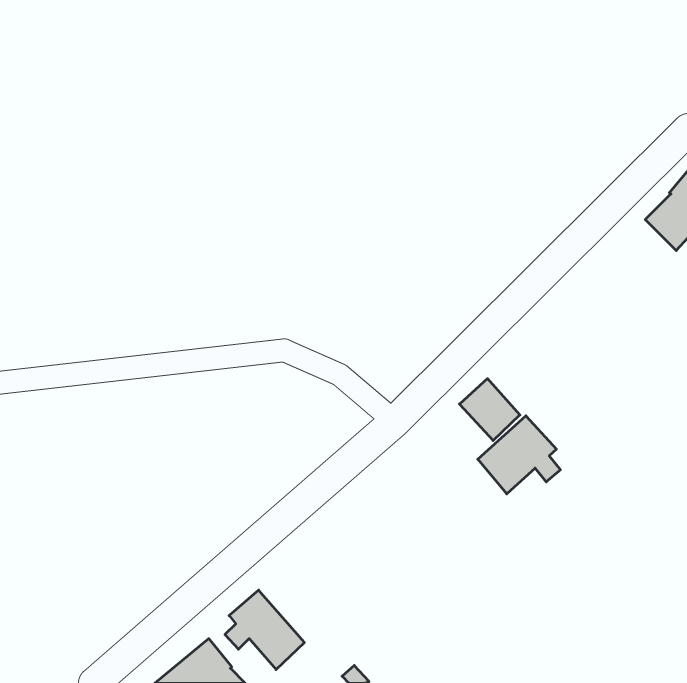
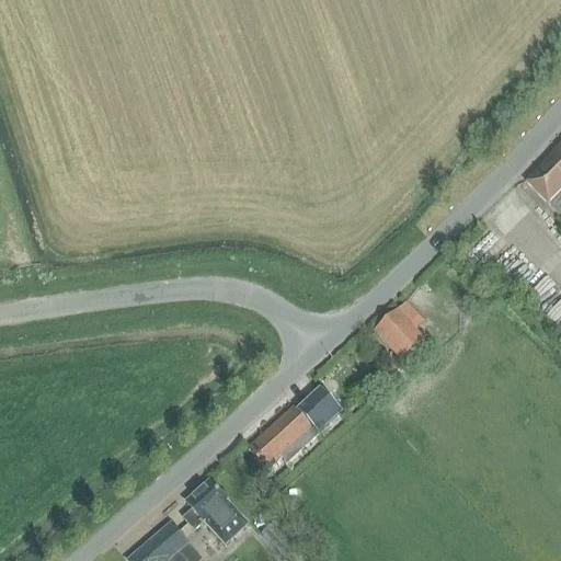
building: [478,416,560,494] -> none
building: none -> [250,387,340,468]

